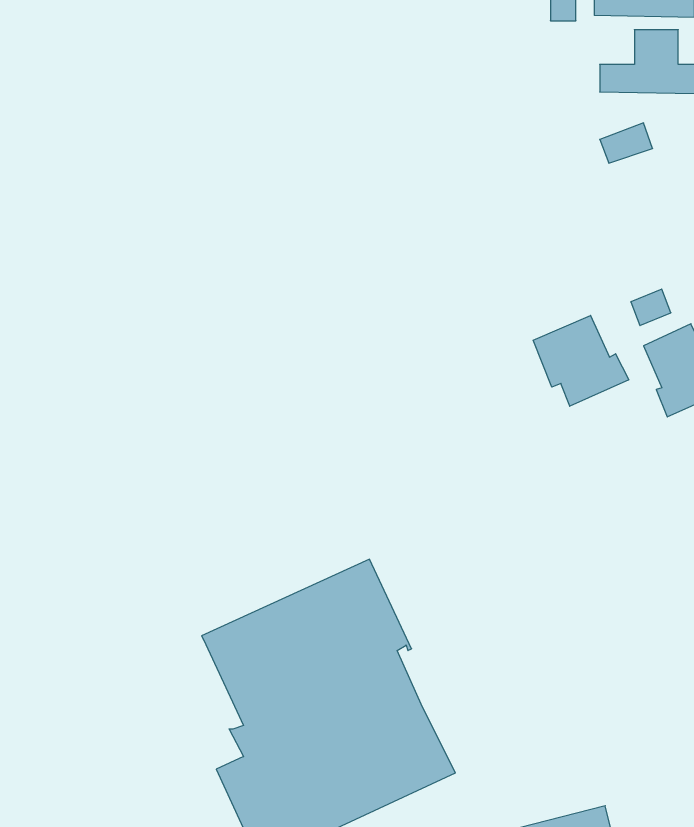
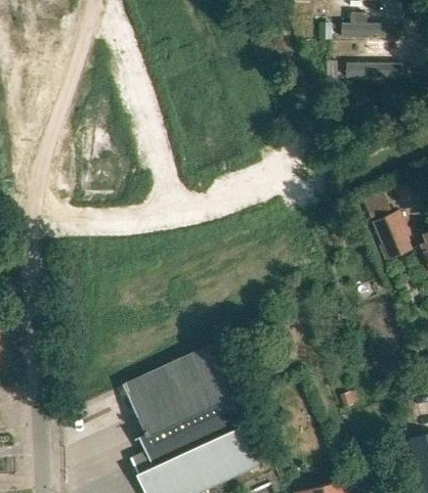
building: [533,315,629,406] -> none

